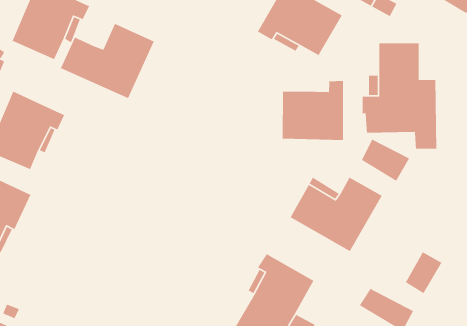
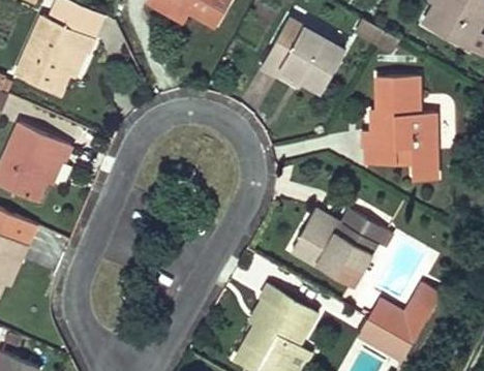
building: [60,23,155,99] -> none
building: [282,80,344,141] -> none
building: [361,138,410,182] -> none
building: none -> [371,300,424,341]

